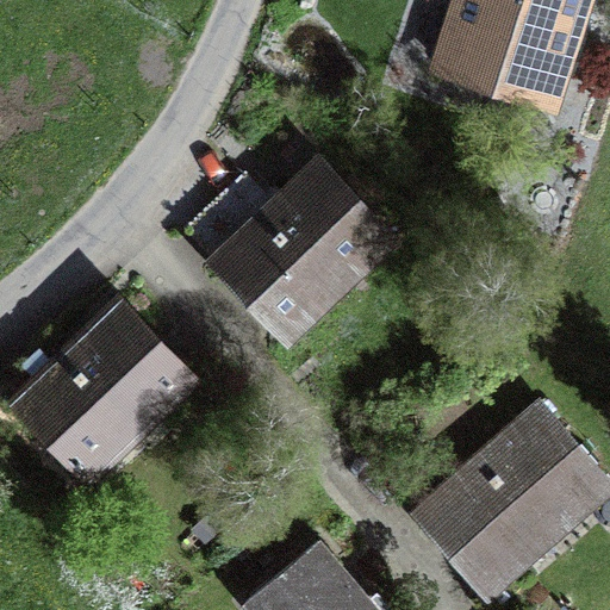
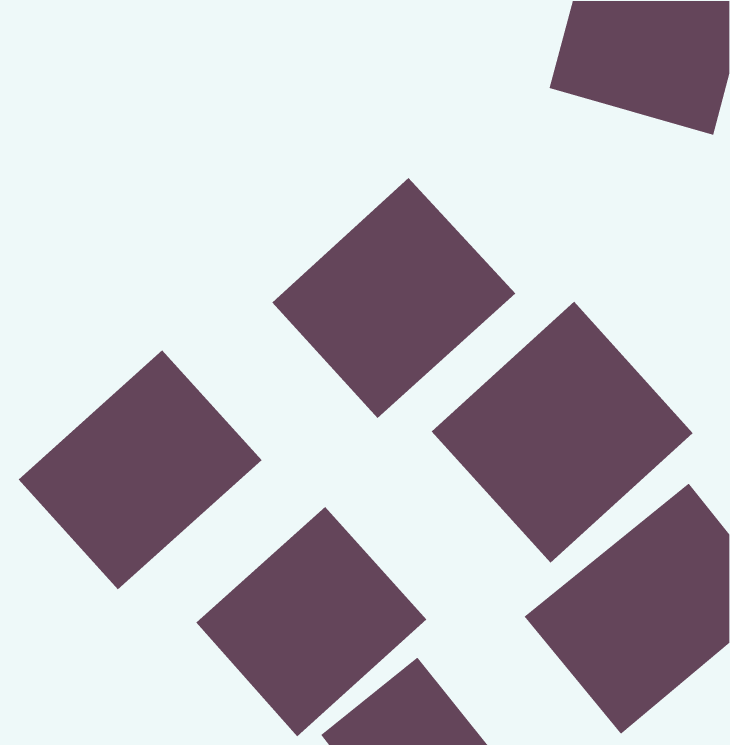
building: none -> [431,301,694,564]
building: none -> [195,506,427,737]

